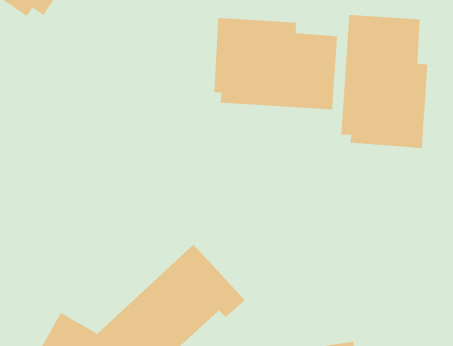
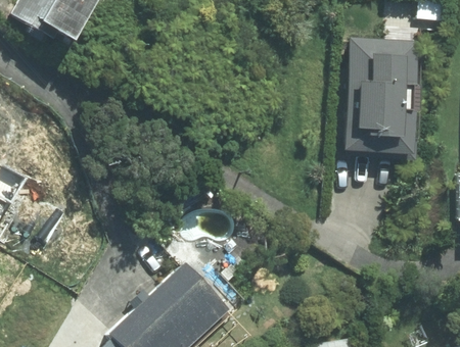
building: [214,17,337,110] -> none

